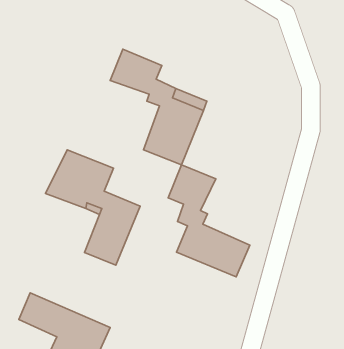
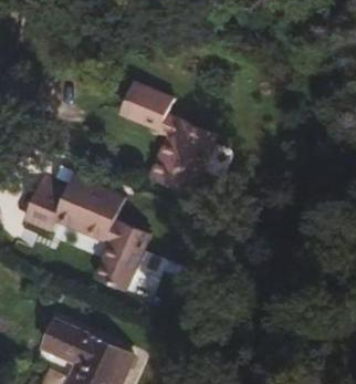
building: none -> [27,177,82,231]
building: [168,165,250,277] -> none

